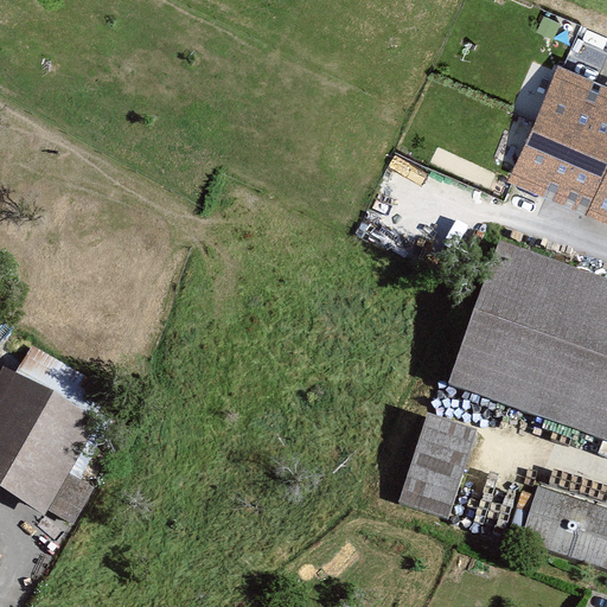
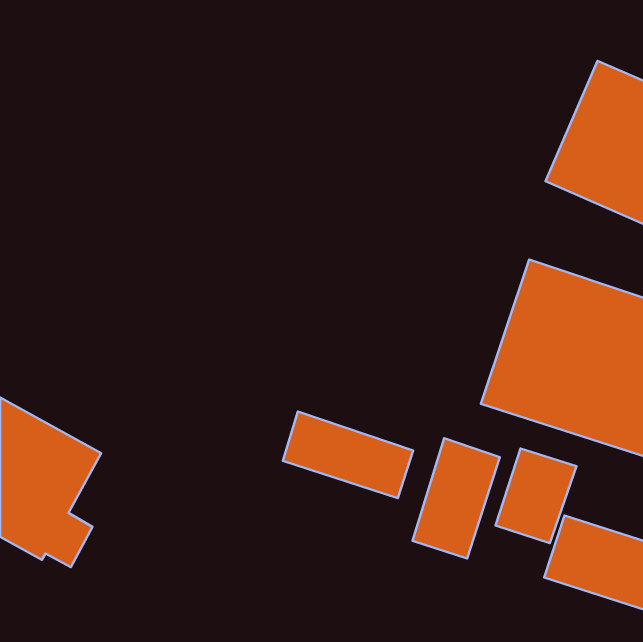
building: none -> [283,412,413,498]
building: none -> [495,449,577,543]

